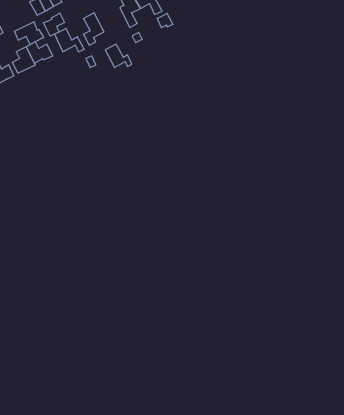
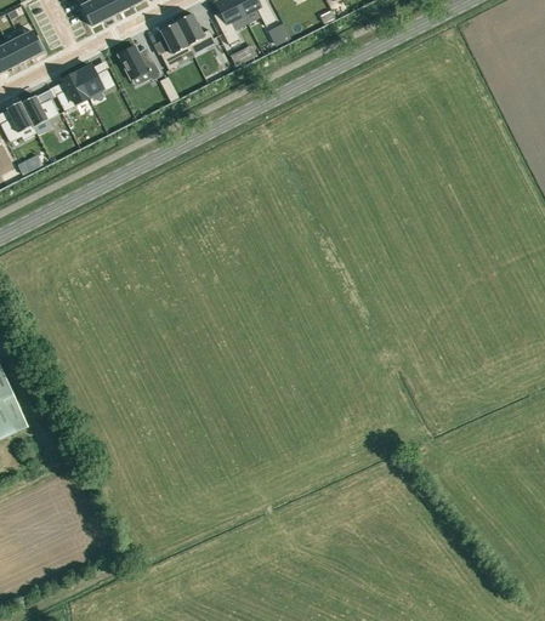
building: [43,13,65,36] -> none
building: [15,22,44,44] -> none
building: [105,44,132,67] -> [176,12,215,46]

